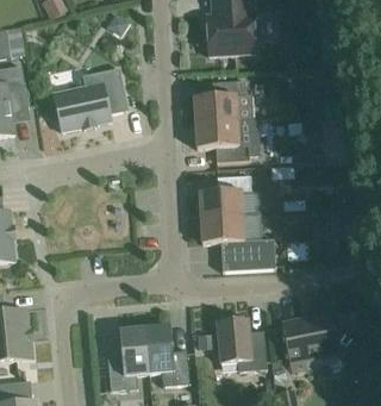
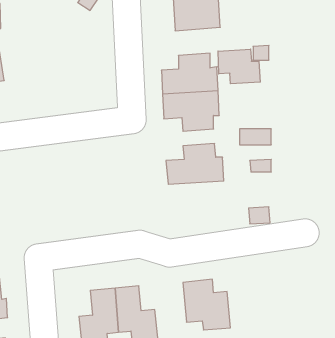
building: [54,68,129,131] -> none
building: none -> [218,49,260,84]
building: [201,214,275,271] -> none
building: [282,314,338,369] -> none

